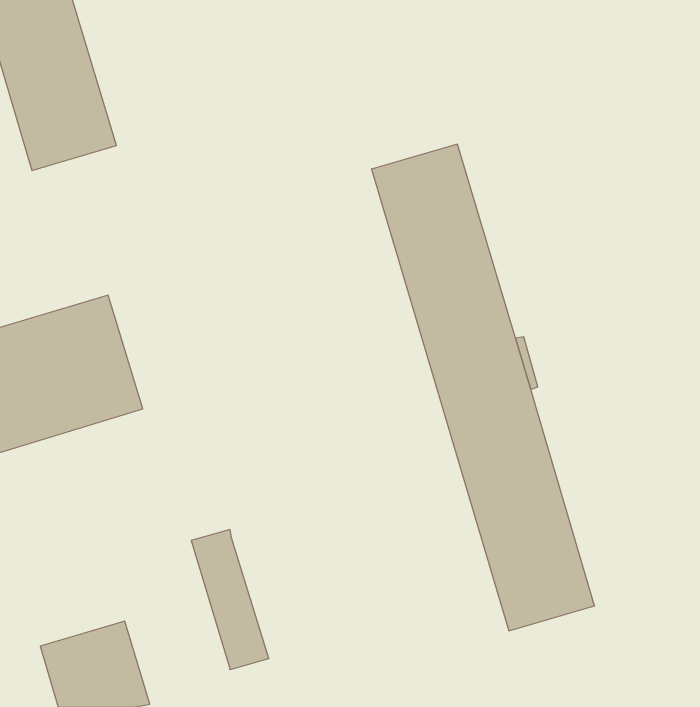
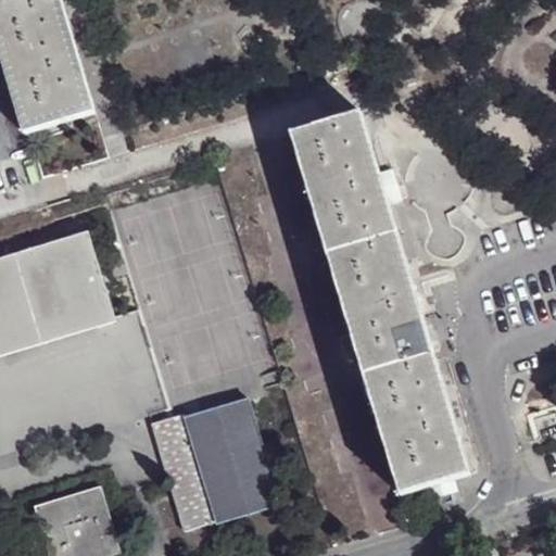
building: none -> [181,403,274,522]

